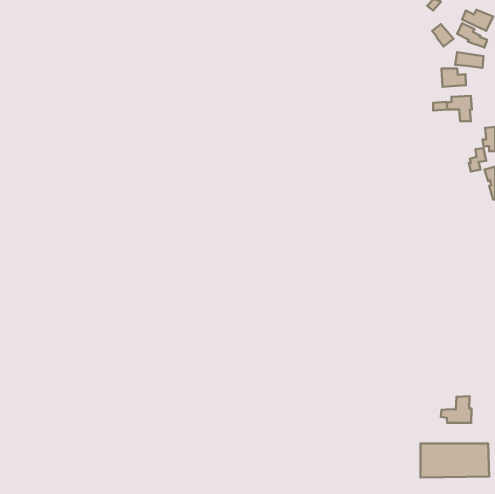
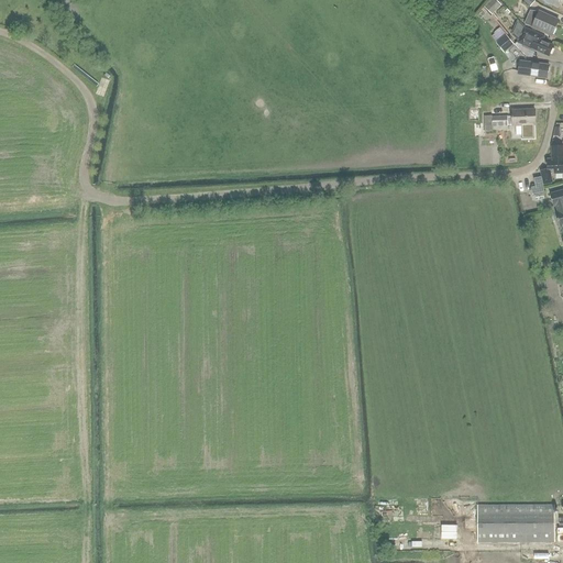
building: [442,68,466,87] -> none
building: [441,396,471,423] -> none

